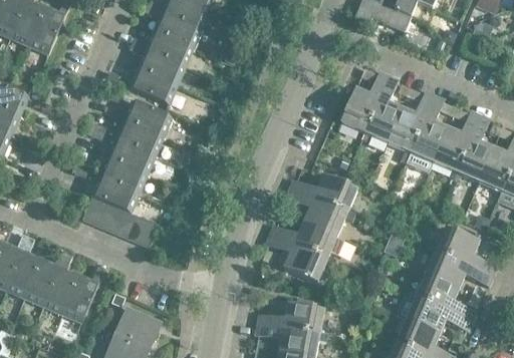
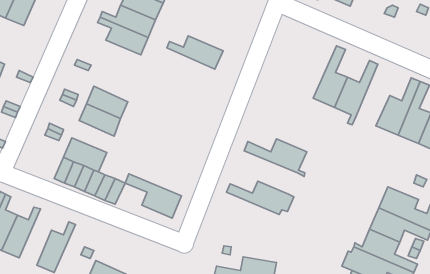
building: [114,68,176,104] -> [167,36,223,69]
building: [340,70,389,131] -> none
building: [406,94,447,170] -> none
building: [124,99,171,135] -> none
building: [100,155,147,191] -> none
building: [284,189,353,236] -> none
building: [265,234,326,282] -> [125,174,181,218]
building: [43,252,78,313] -> none

